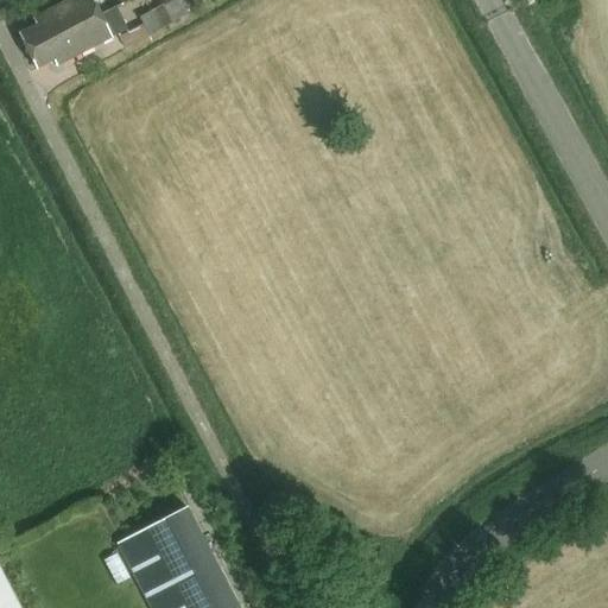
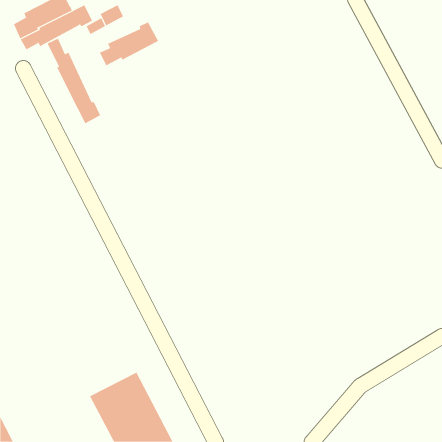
building: none -> [99,22,159,66]
building: none -> [47,38,101,124]

